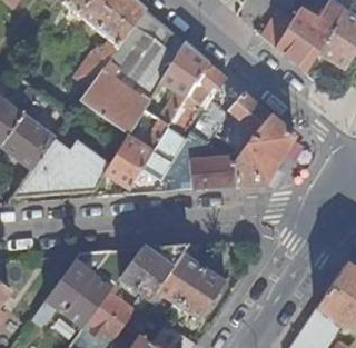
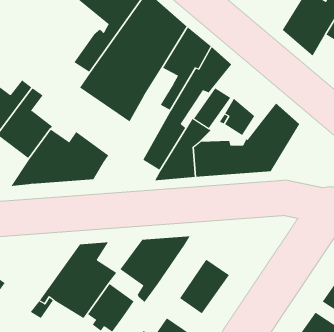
building: [229,92,270,151] -> none
building: [105,118,168,188] -> none
building: [157,253,202,305] -> none

